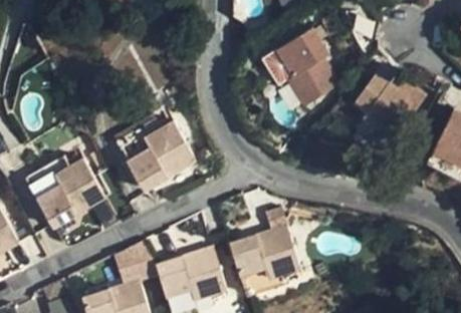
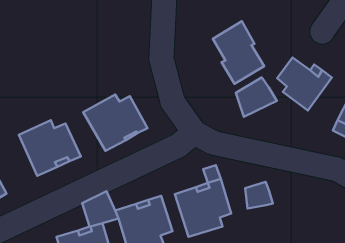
building: none -> [236,77,277,117]
building: none -> [245,182,273,209]

